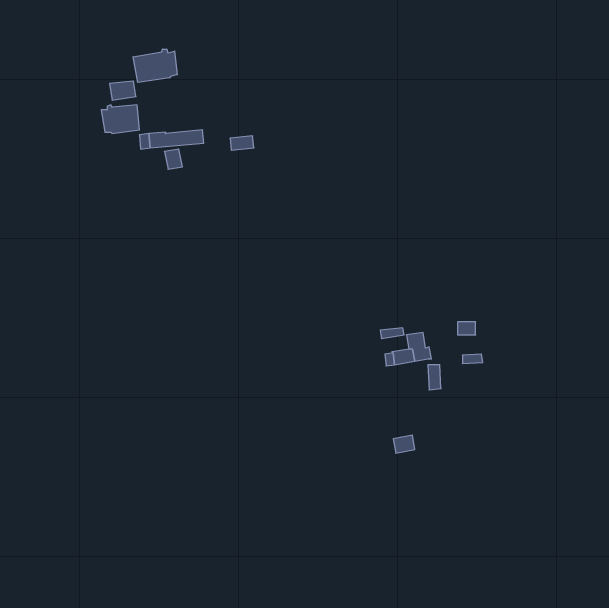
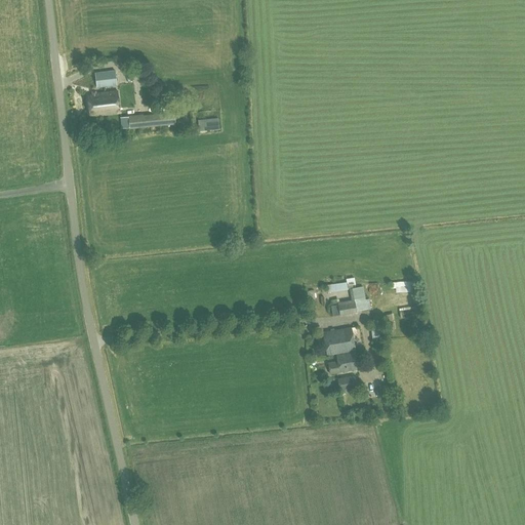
building: [133,49,177,82] -> none
building: none -> [323,326,358,372]

